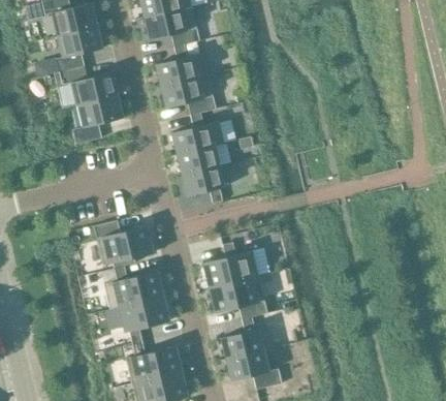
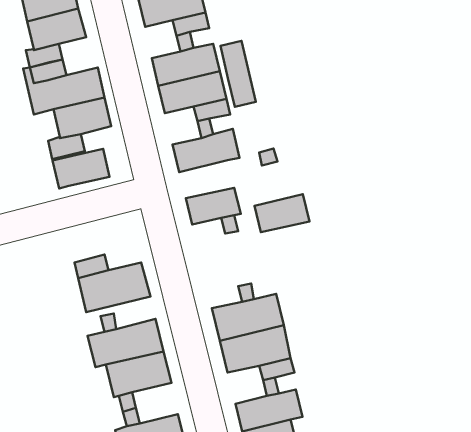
building: none -> [220,41,256,107]
building: none -> [53,149,110,188]
building: [176,146,219,176] -> [254,194,309,232]

